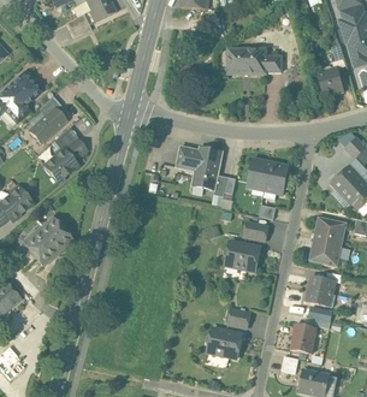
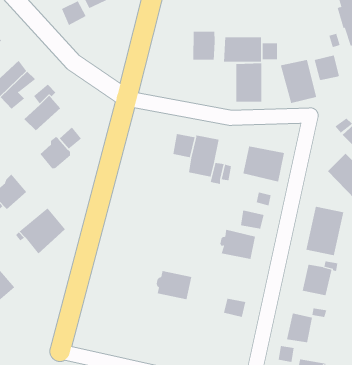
building: none -> [193,31,215,61]
building: none -> [280,59,317,104]
building: none -> [236,62,262,103]
building: [206,328,242,357] -> [156,271,192,300]

